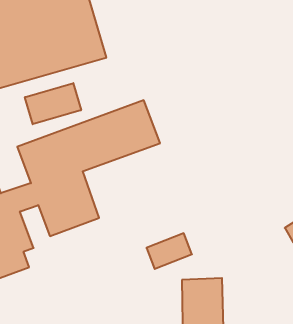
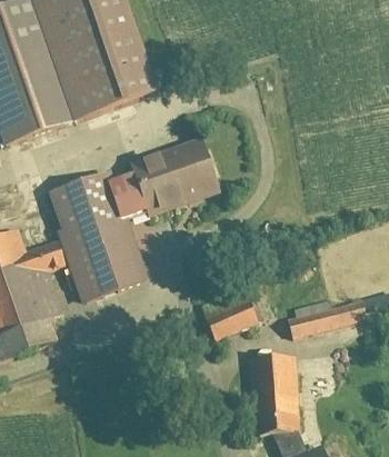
building: [25,83,81,124] -> none
building: none -> [289,298,371,342]

